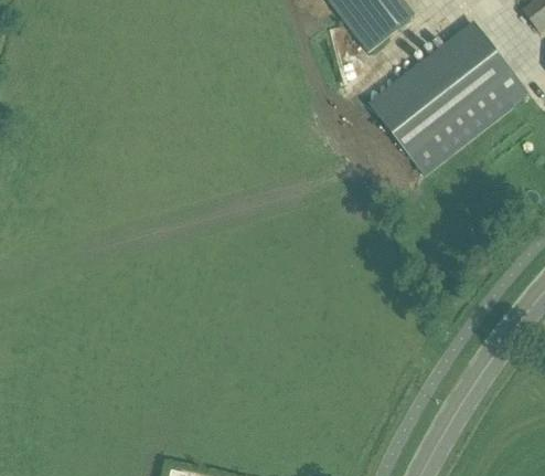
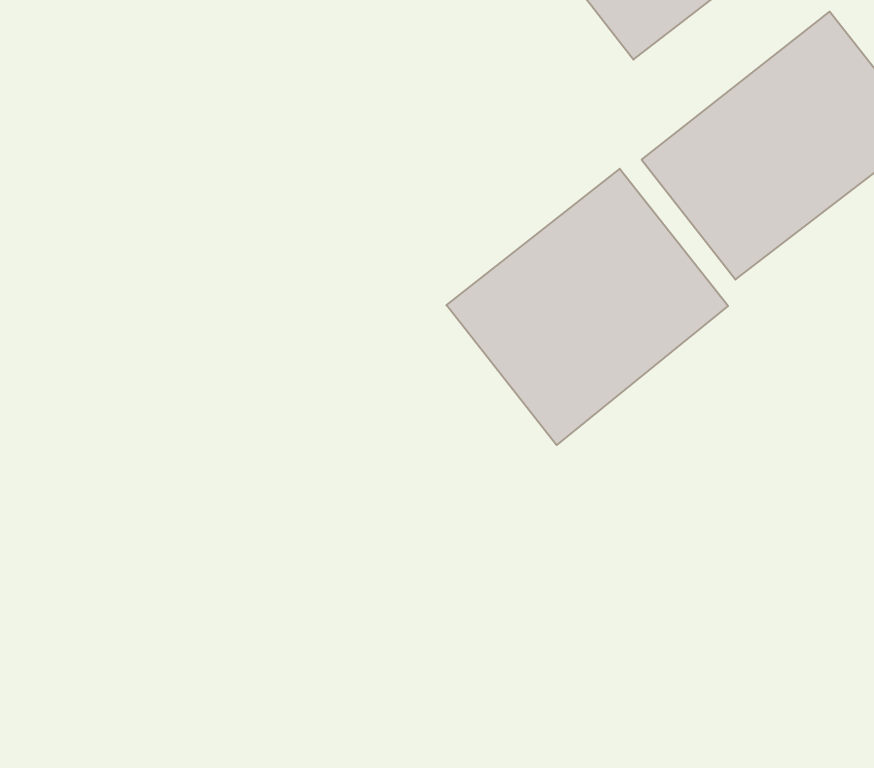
building: none -> [446,169,728,445]

